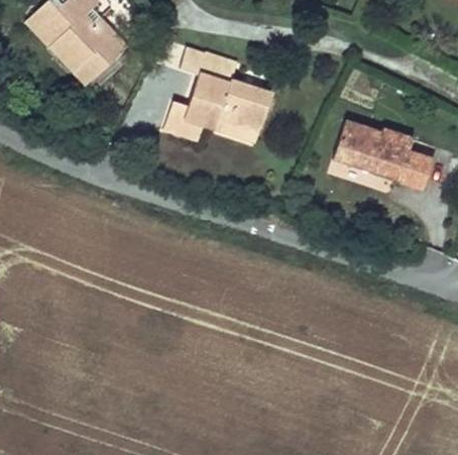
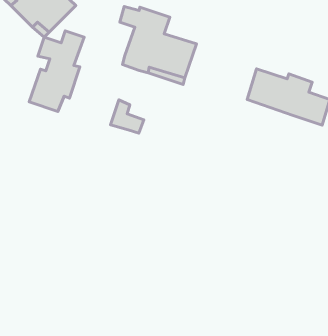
building: none -> [29,31,84,111]
building: [163,101,204,141] -> [111,100,144,133]

